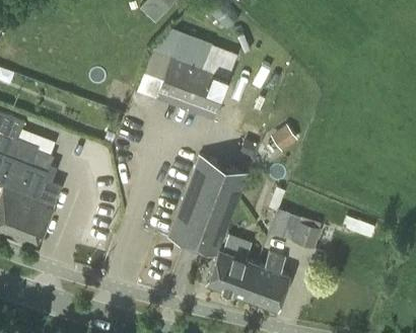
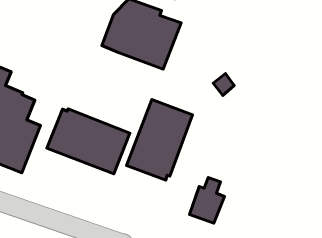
building: none -> [47,109,130,174]
building: [269,209,321,249] -> none
building: [206,250,258,299] -> none

